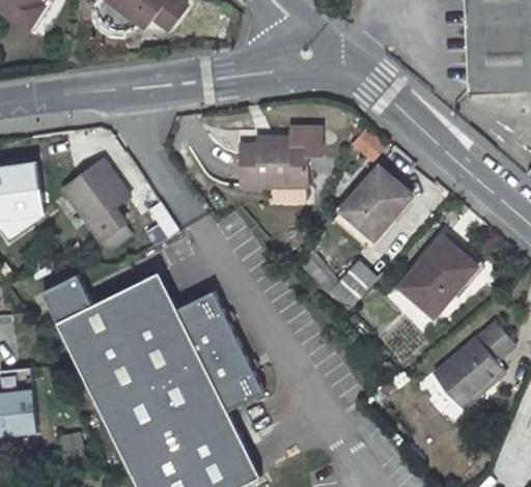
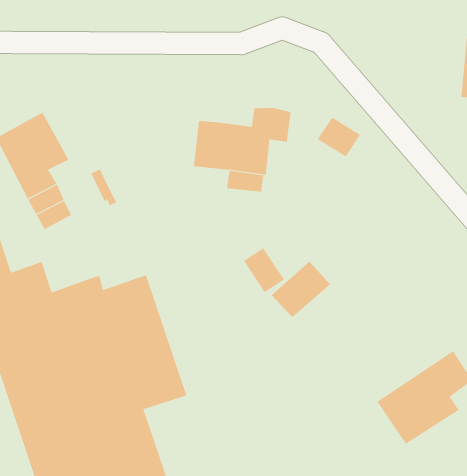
building: [337,165,409,238] -> none
building: [395,238,475,318] -> none
building: [118,270,171,316] -> none

